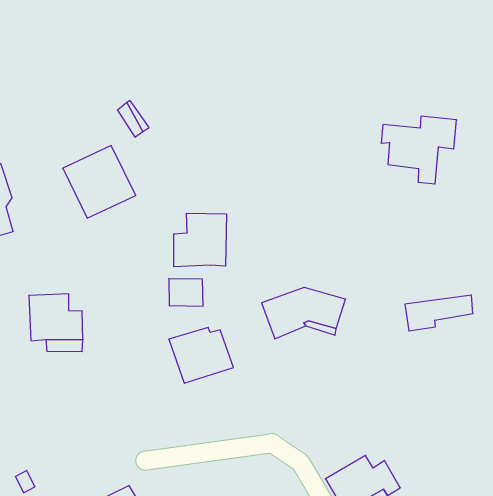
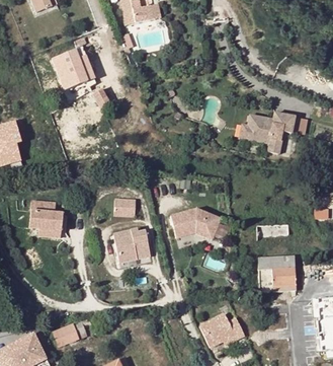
building: [63,146,136,218] -> [53,47,95,89]
building: [174,213,226,267] -> none
building: none -> [258,257,296,293]

